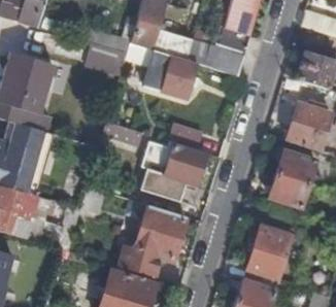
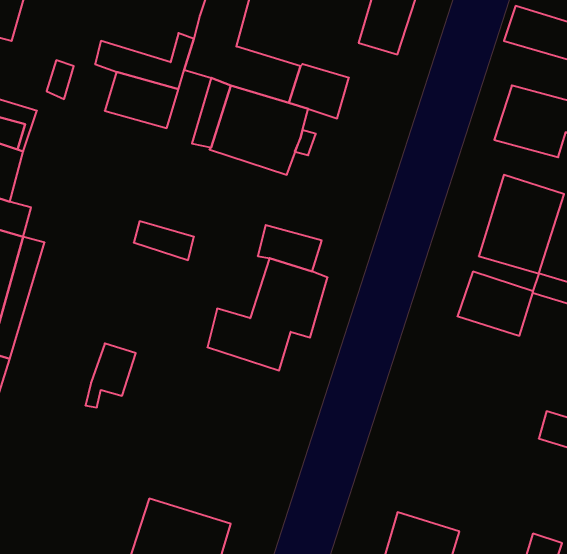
building: [211,28,247,75] -> none
building: [268,173,308,207] -> none
building: [119,205,184,276] -> none
building: [246,226,293,277] -> none

